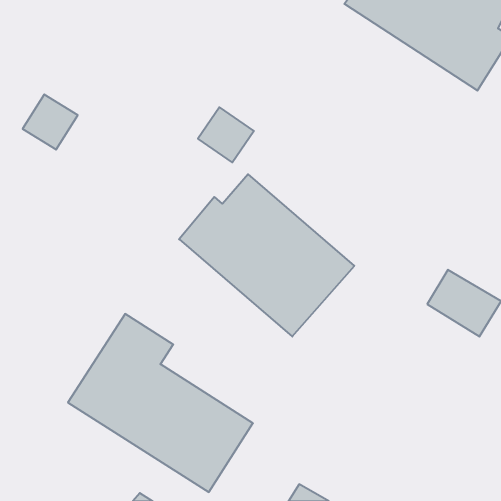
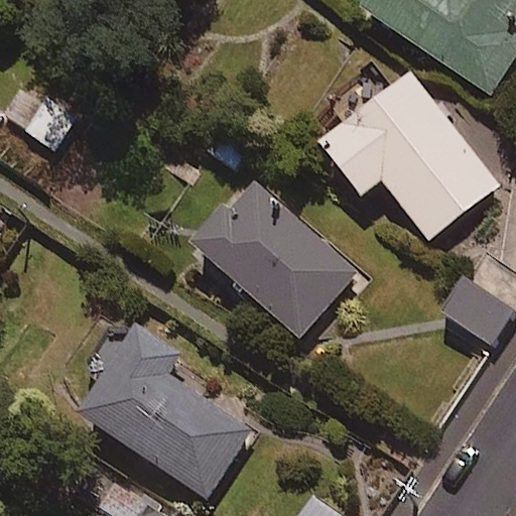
building: none -> [313,67,501,241]

